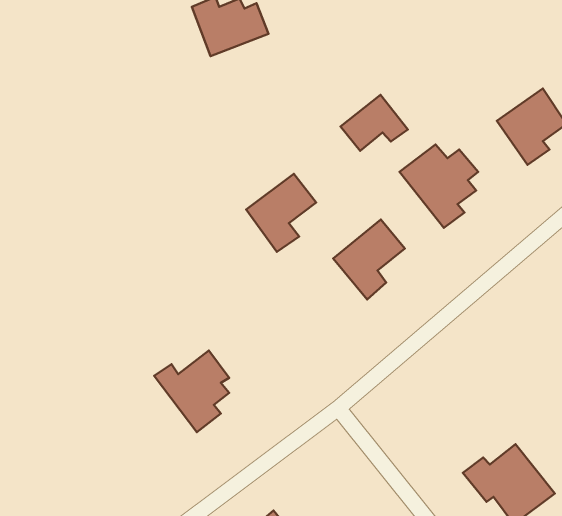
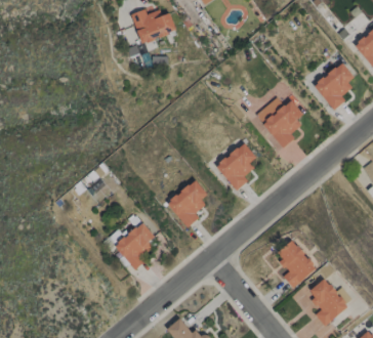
building: [341,95,408,151] -> none
building: [246,174,316,252] -> [168,180,210,227]
building: none -> [276,240,317,288]

